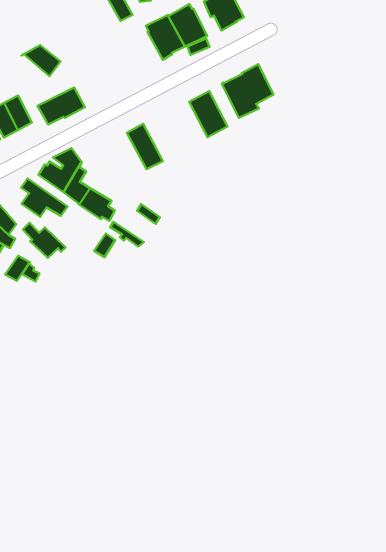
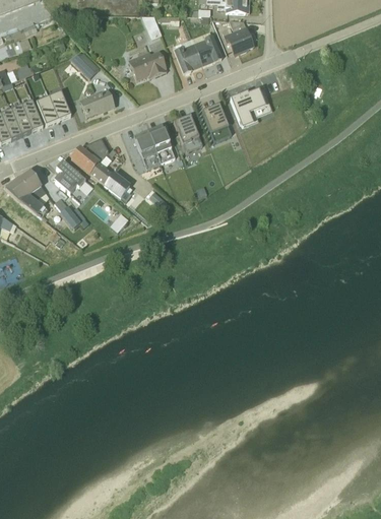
building: none -> [128,50,167,80]
building: none -> [173,114,202,150]
building: none -> [133,131,161,169]

